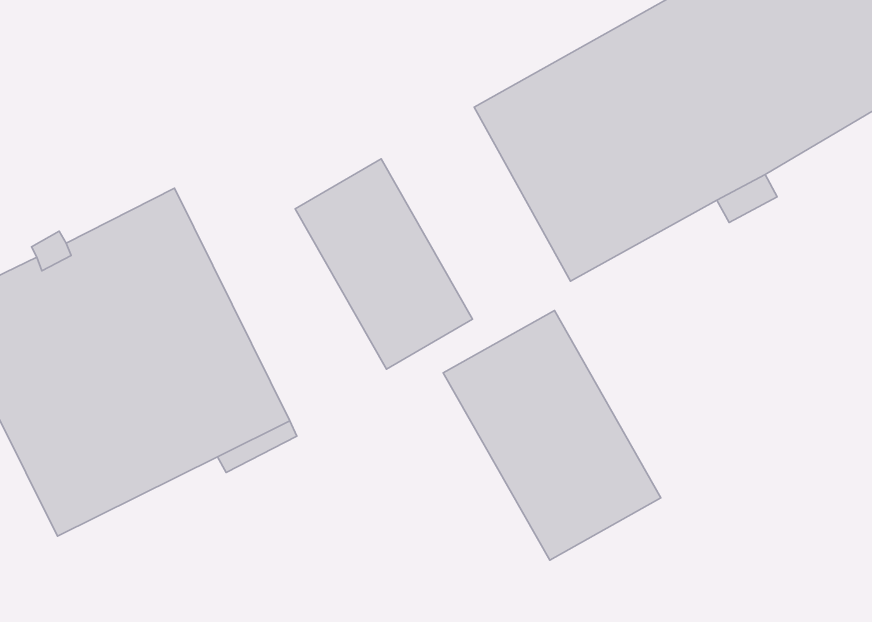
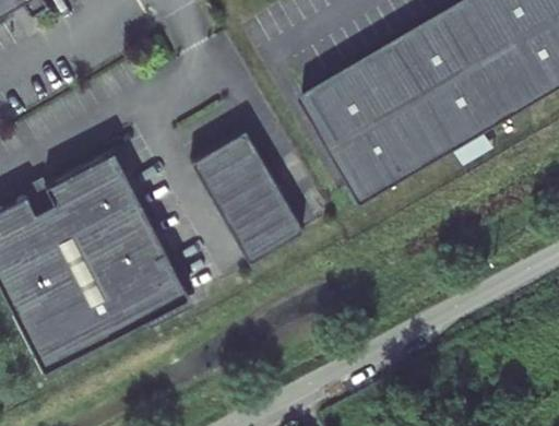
building: [443,311,661,560] -> none

